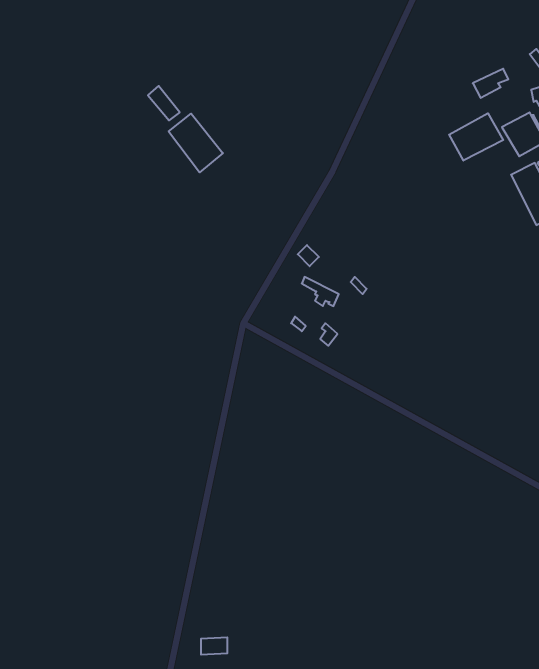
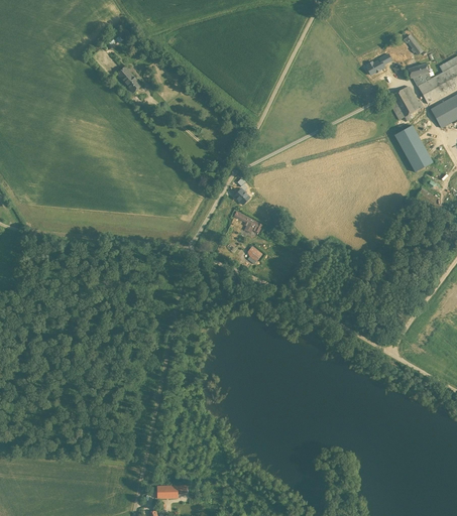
building: [449,113,503,161] -> none
building: [169,114,223,172] -> none

